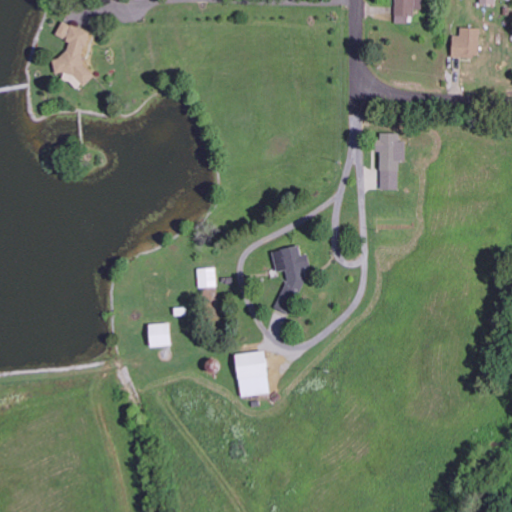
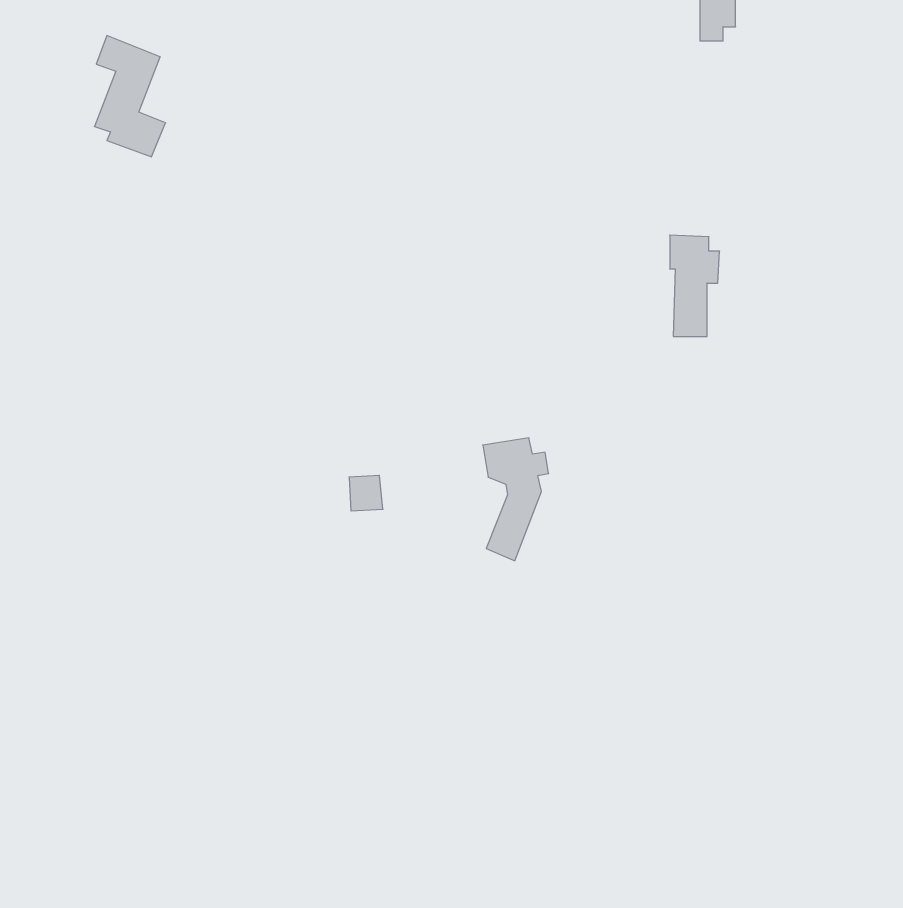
building: [450,27,478,57] -> none
building: [148,323,170,346] -> none
building: [235,351,269,396] -> none

